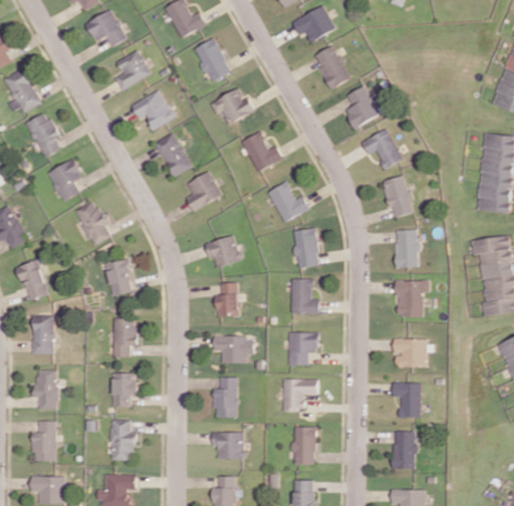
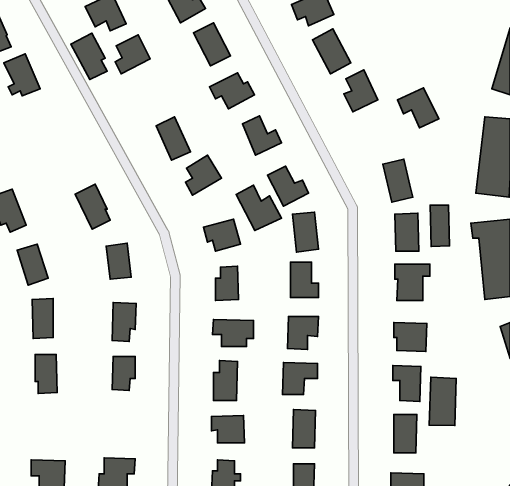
building: [132,90,175,130] -> none
building: [25,111,61,158] -> [71,33,107,79]
building: [361,129,403,169] -> [398,88,439,128]
building: [47,159,83,201] -> none
building: none -> [236,185,281,231]
building: none -> [430,205,450,247]
building: none -> [429,377,456,426]
building: [110,420,133,460] -> none
building: [32,421,56,461] -> none

